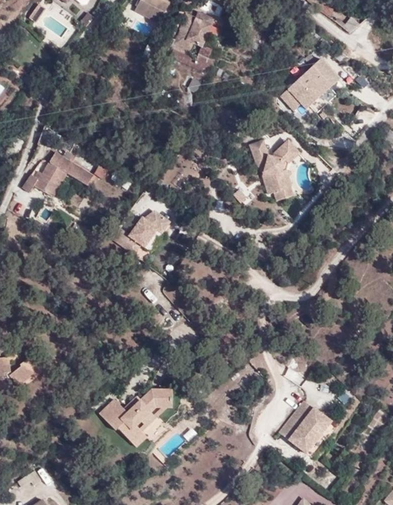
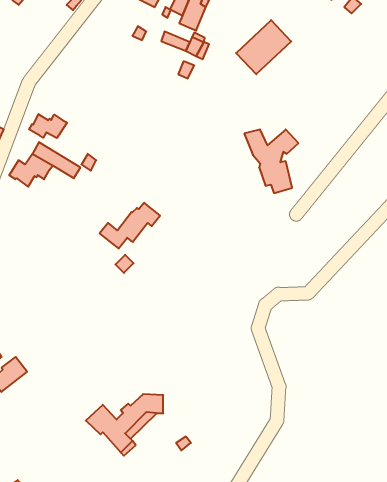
building: [289,56,341,107] -> [236,20,291,74]
building: none -> [29,114,67,138]
building: [278,400,330,453] -> none

